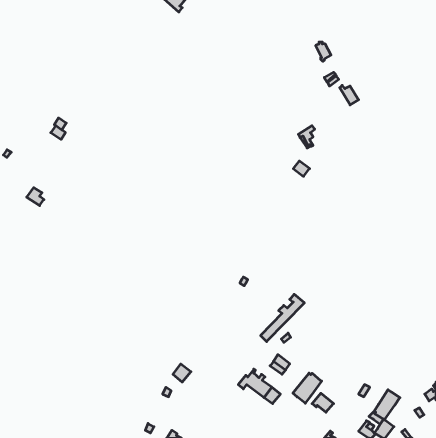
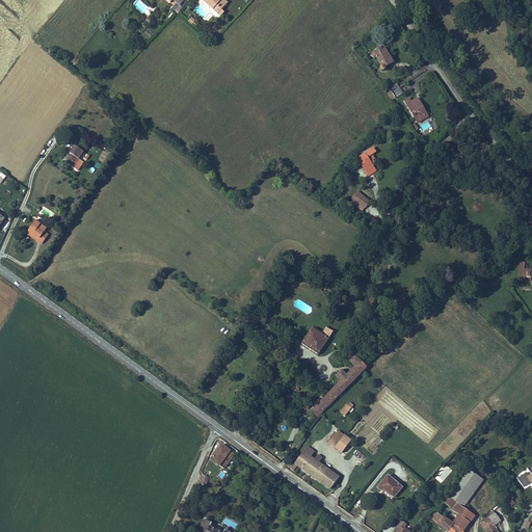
building: none -> [300,324,331,352]
building: [293,373,322,403] -> none

